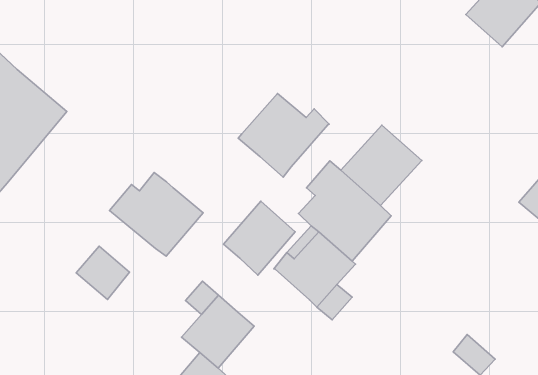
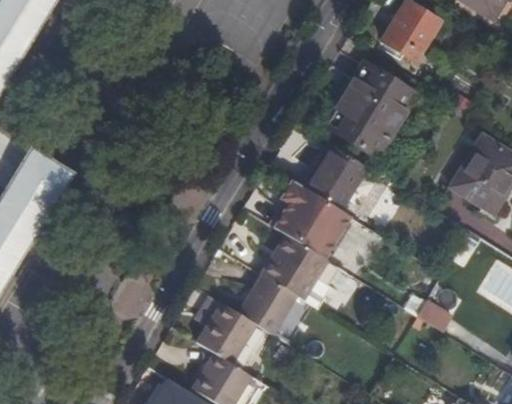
building: none -> [324,61,415,158]
building: [238,93,329,177] -> none
building: [110,172,203,256] -> none
building: [224,201,295,275] -> [239,274,295,334]

